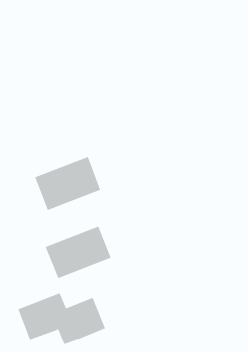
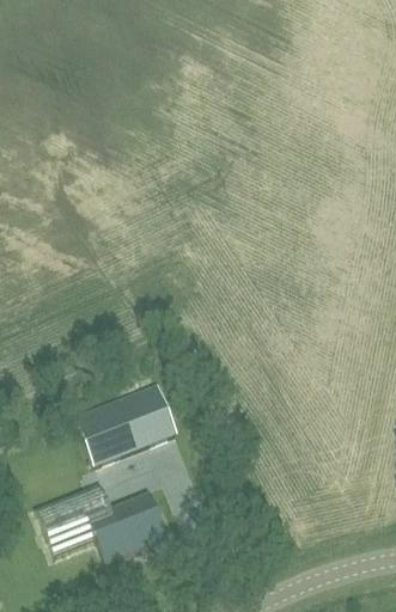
building: [35,156,101,211] -> none

